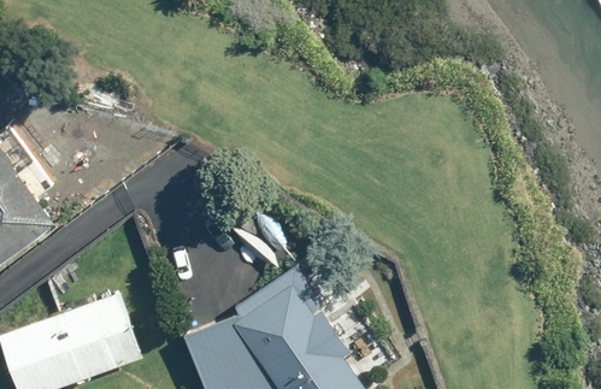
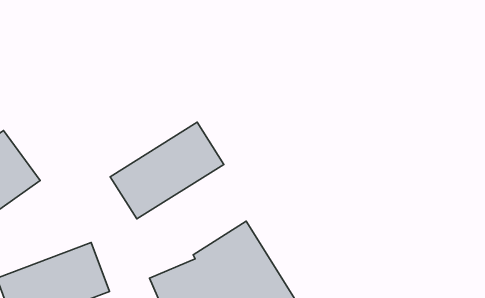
building: none -> [110,122,224,219]

